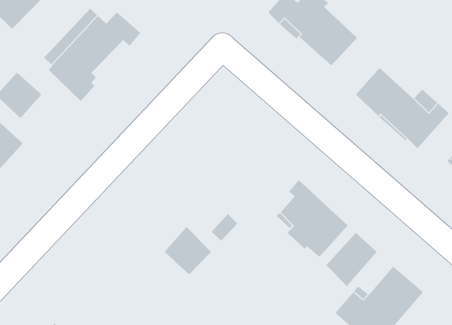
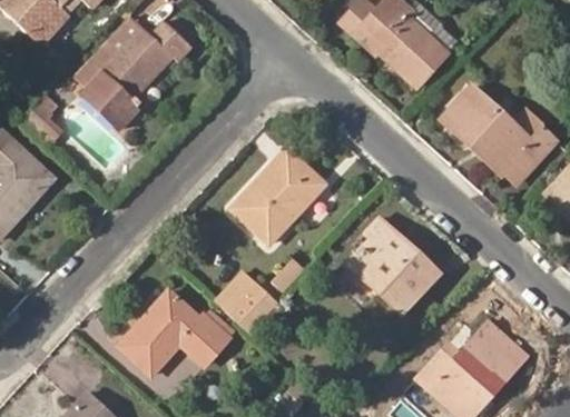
building: none -> [235,150,322,240]
building: [325,232,378,287] -> none
building: none -> [119,289,227,373]

